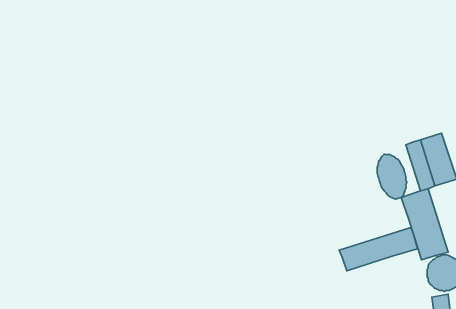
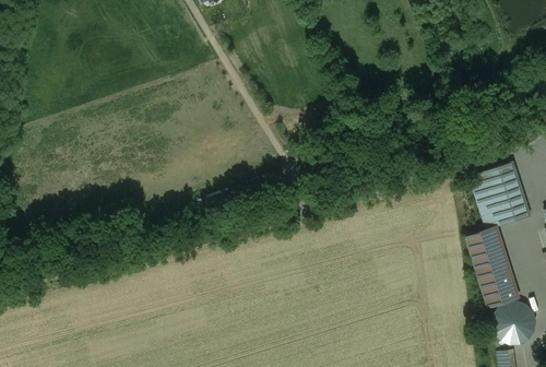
building: [377,154,407,199] -> none
building: [339,227,417,271] -> none

